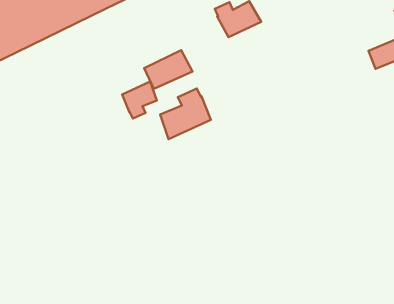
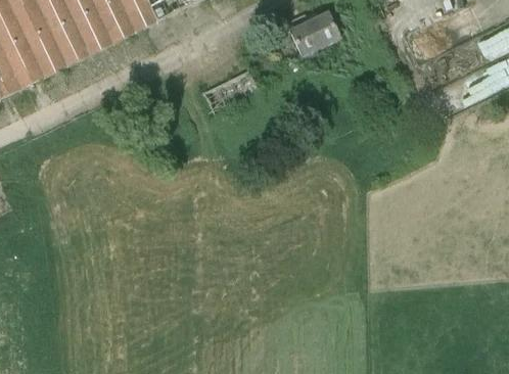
building: [122,82,157,118] -> none
building: [160,89,211,139] -> none

